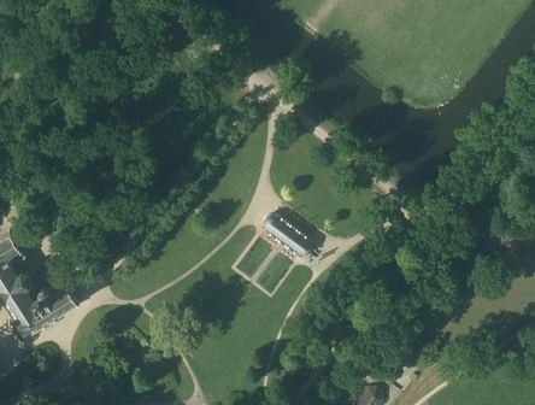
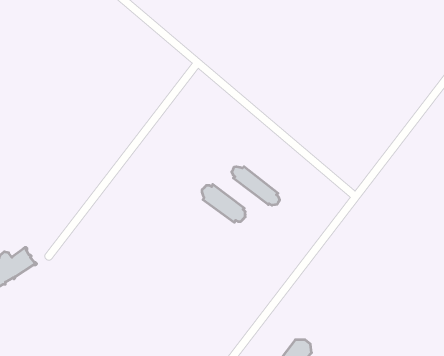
building: none -> [232,167,280,205]

